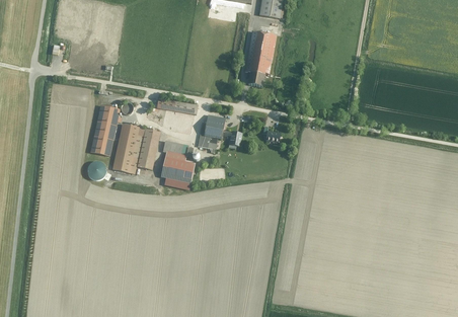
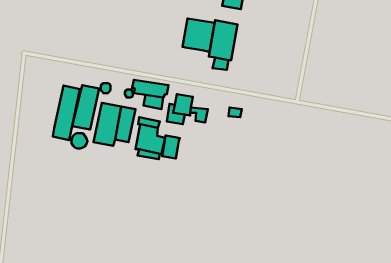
building: none -> [183,19,215,52]
building: none -> [53,85,80,140]
building: none -> [162,135,180,159]

